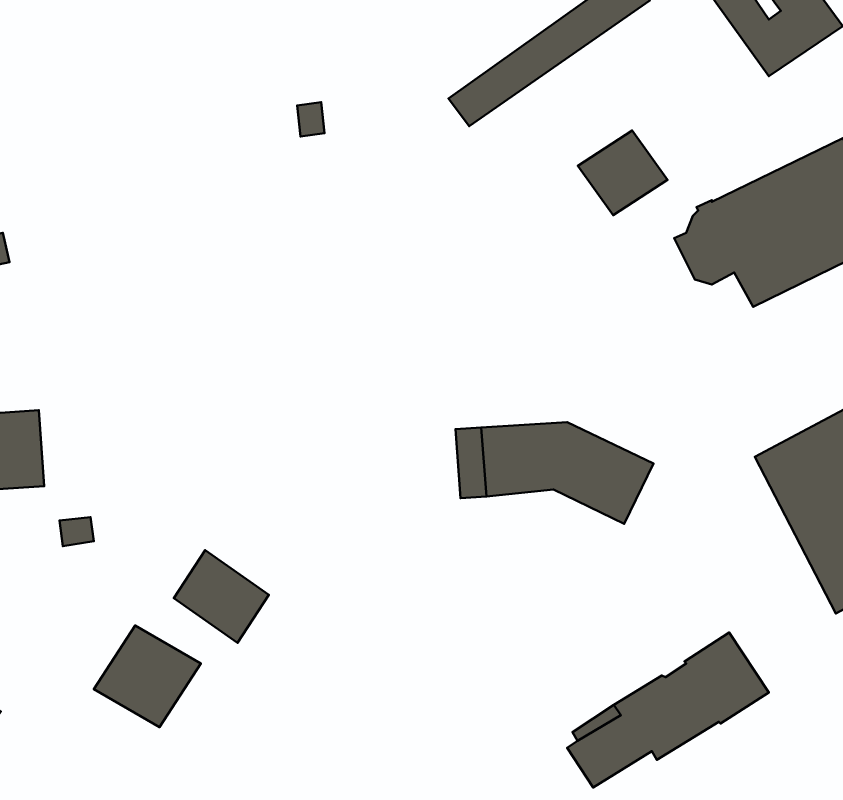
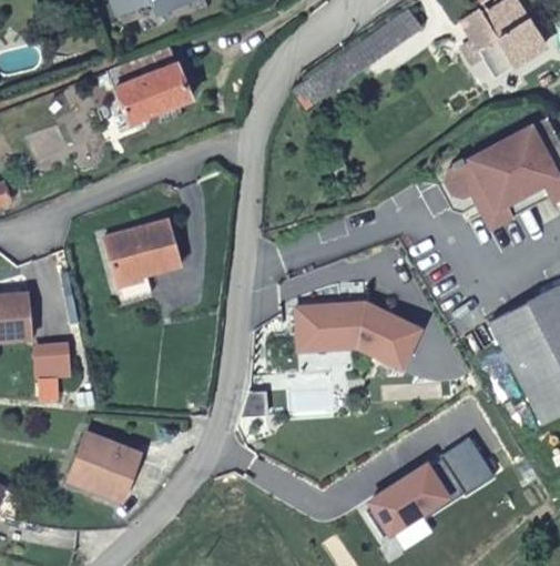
building: none -> [102,52,180,122]
building: [578,131,668,215] -> none
building: none -> [101,218,179,282]
building: [174,550,269,643] -> none

